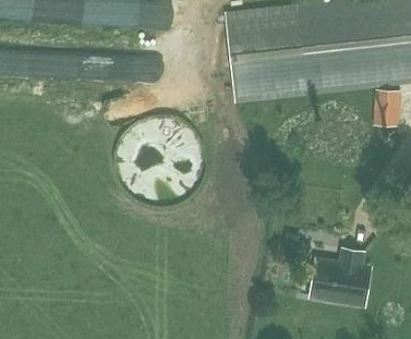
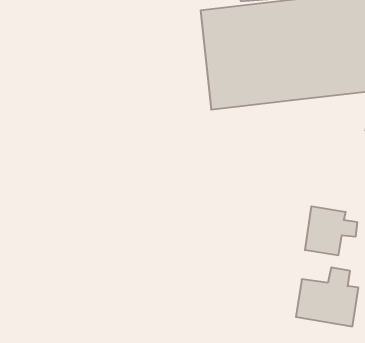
building: none -> [305,206,357,255]

